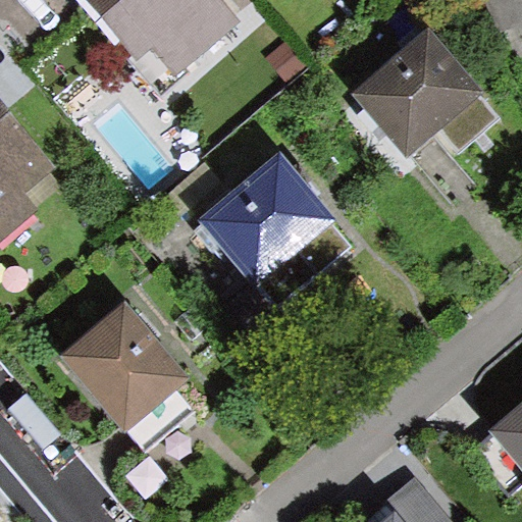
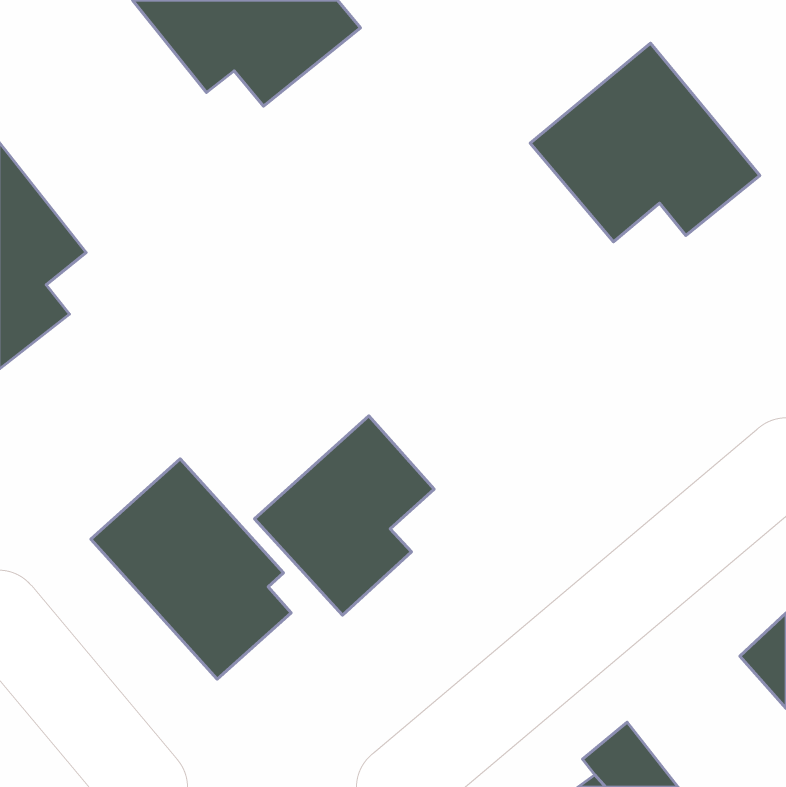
building: [198,150,332,283] -> none
building: none -> [254,416,434,615]

